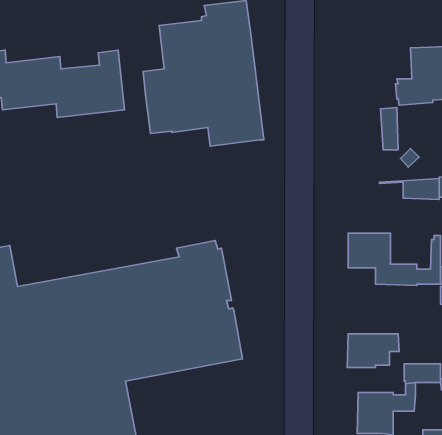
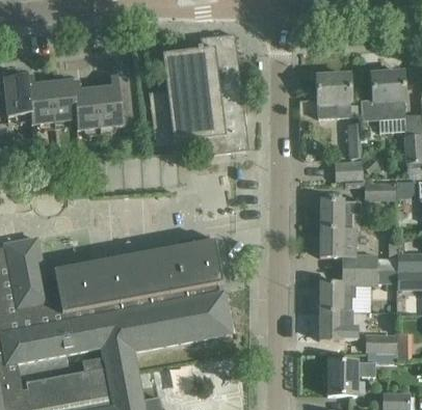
building: none -> [315,75,360,117]
building: none -> [335,161,364,185]
building: none -> [319,199,360,228]
building: none -> [319,270,376,311]

